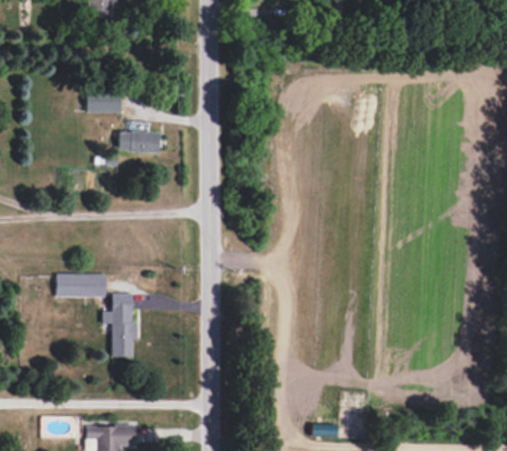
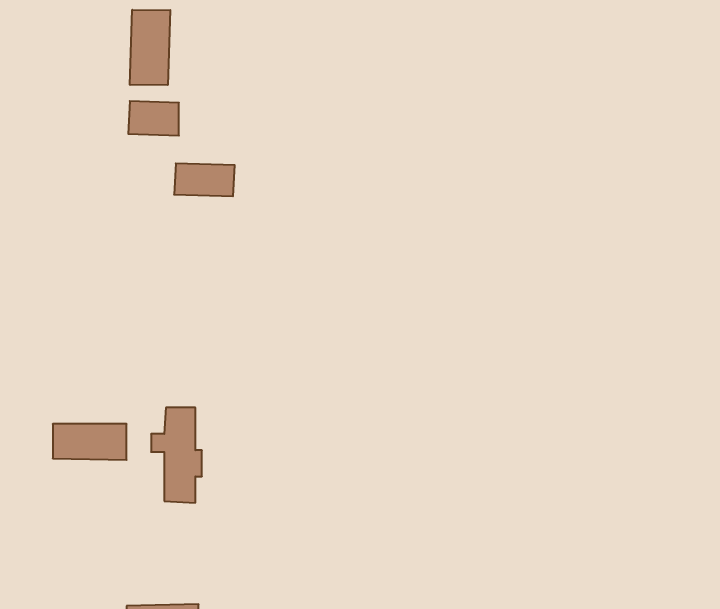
building: none -> [130,10,170,85]
building: [57,273,106,297] -> [53,424,127,460]

